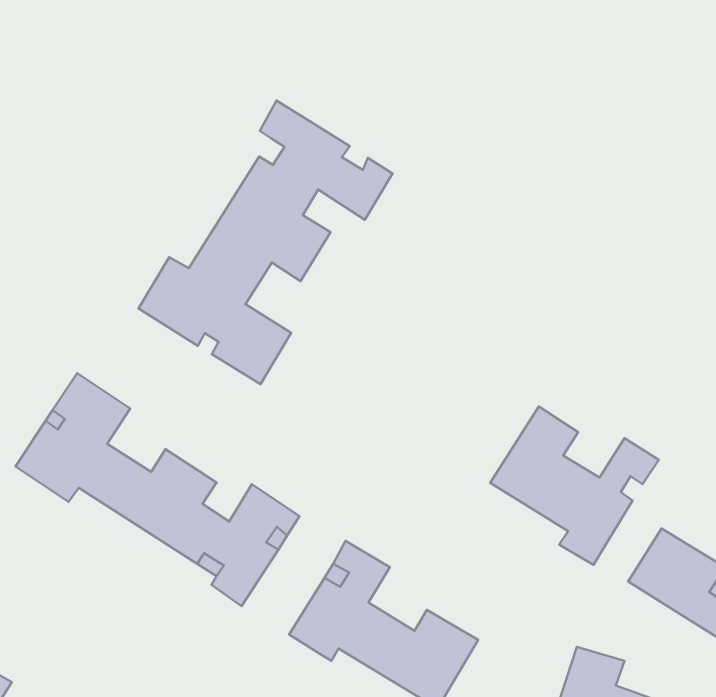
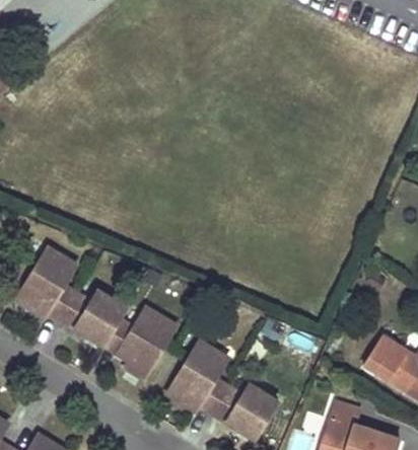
building: [138,101,393,384] -> none
building: [490,407,659,565] -> none

